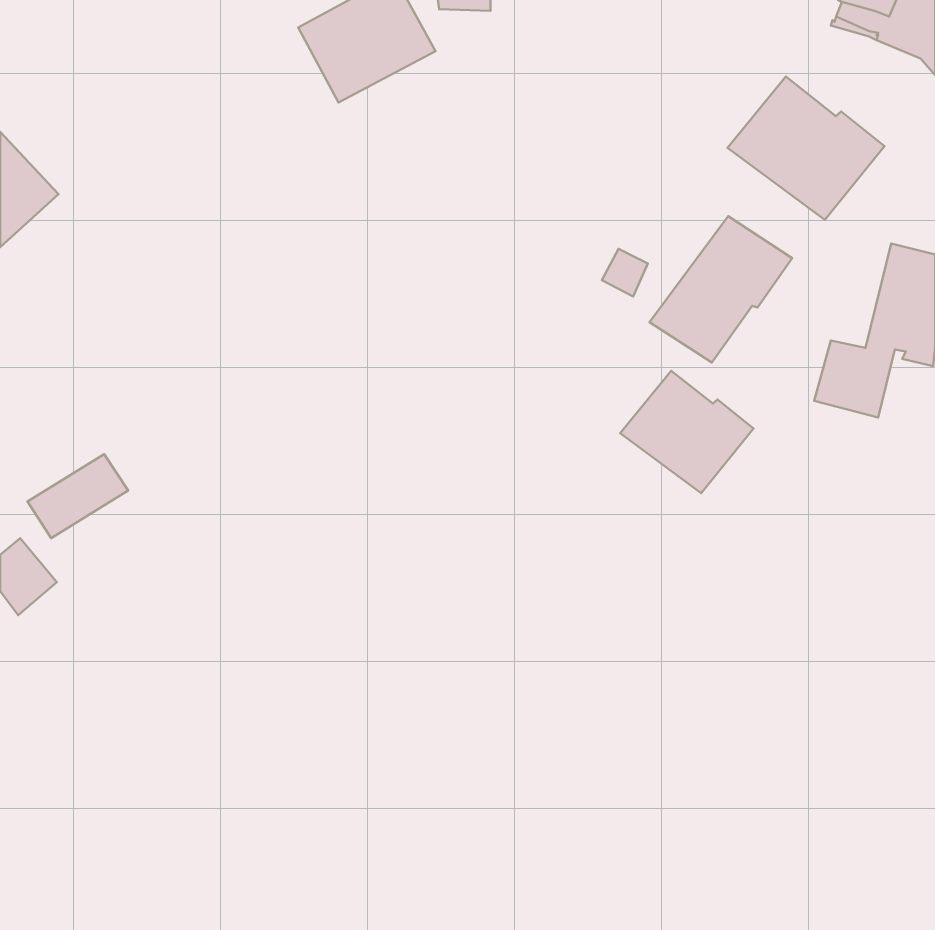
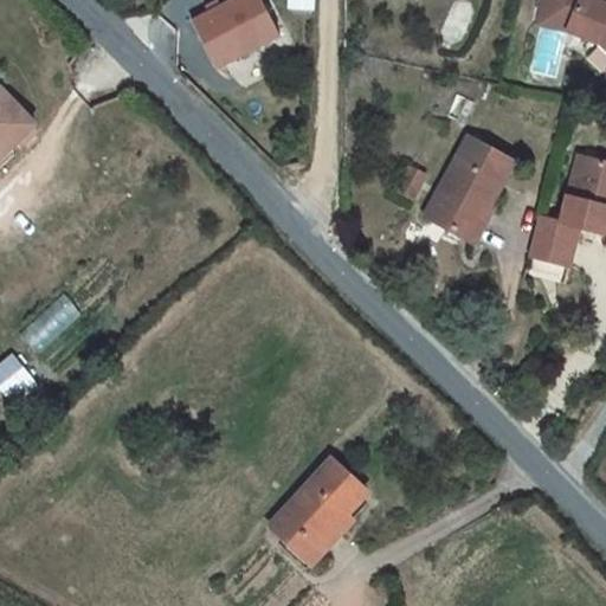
building: [728,77,885,220] -> none
building: [620,371,753,493] -> none
building: none -> [265,460,360,570]

